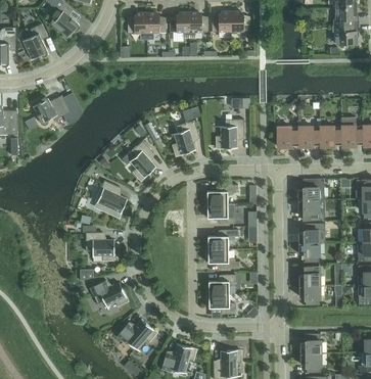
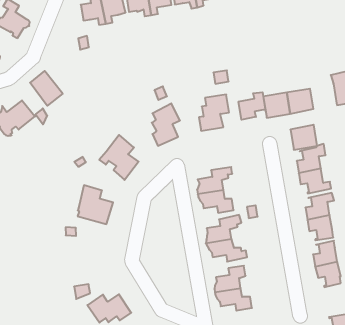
building: none -> [30,71,63,106]
building: none -> [239,92,266,120]
building: [320,126,341,145] -> [290,125,317,150]
building: [86,232,114,260] -> none

